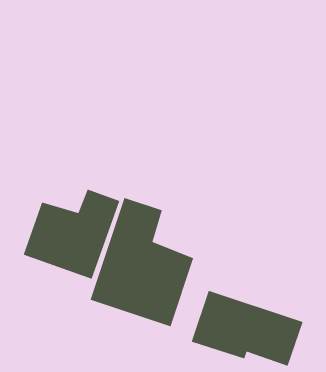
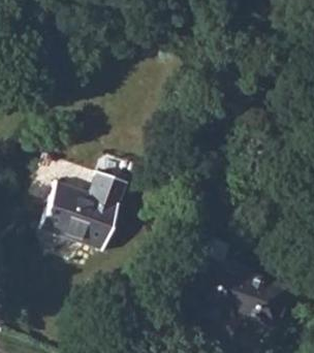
building: [90,197,194,327] -> none

